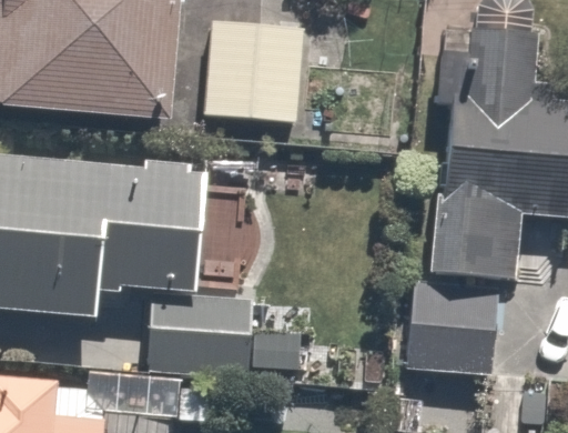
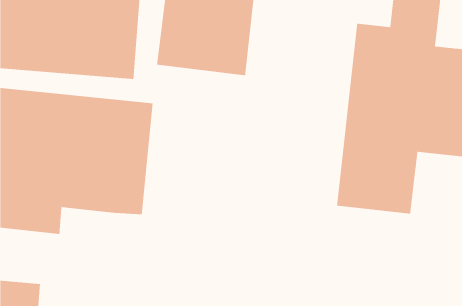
building: [405,284,504,375] -> none
building: [139,293,298,384] -> none

